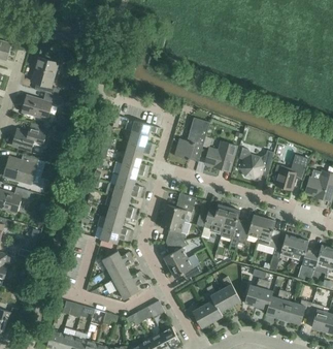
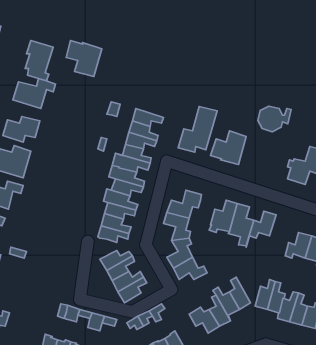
building: none -> [66,41,102,76]
building: [240,155,271,179] -> [258,106,291,132]
building: [257,218,278,248] -> none

